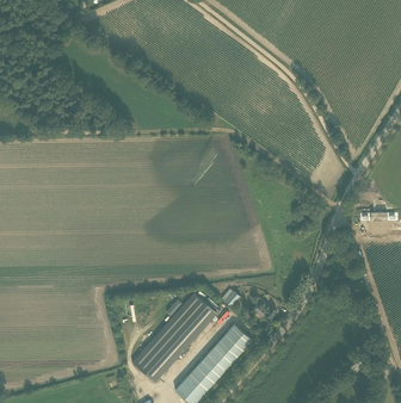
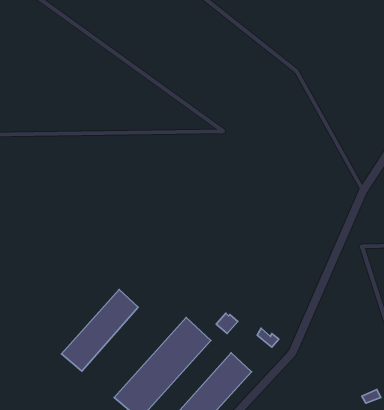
building: none -> [62,290,138,371]

